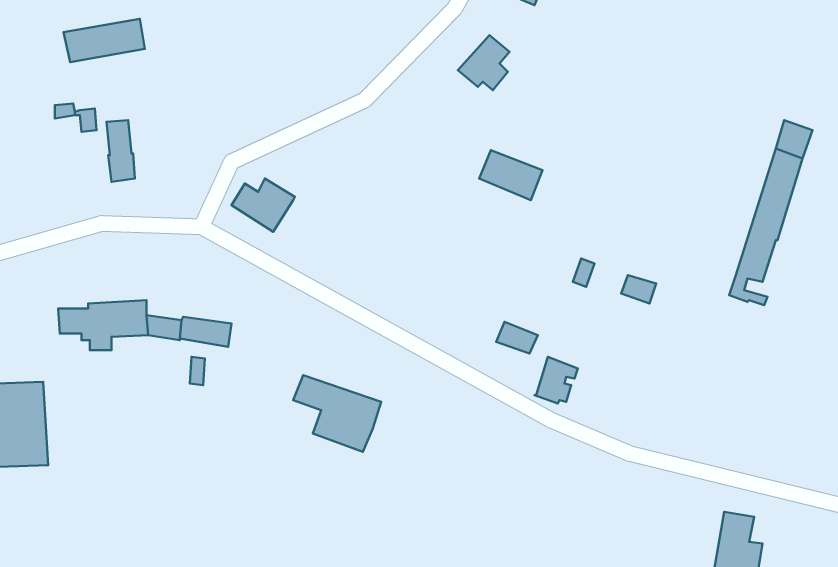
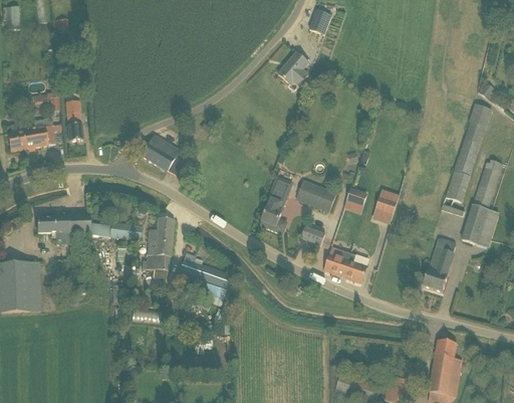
building: [63,19,145,62] -> [7,124,56,150]
building: [479,150,542,200] -> [298,180,336,210]
building: none -> [462,159,503,243]
building: none -> [262,187,289,232]
building: none -> [147,216,175,268]
building: none -> [424,237,457,290]
building: none -> [342,252,367,281]

